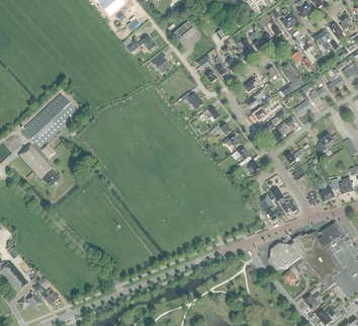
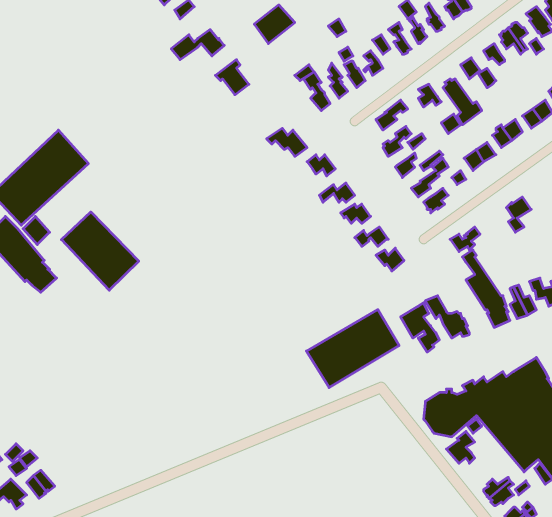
building: none -> [61,212,139,290]
building: none -> [306,310,399,388]

